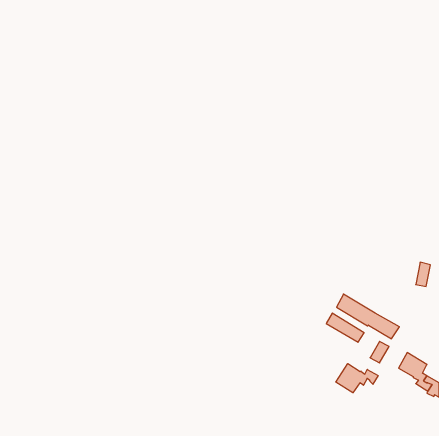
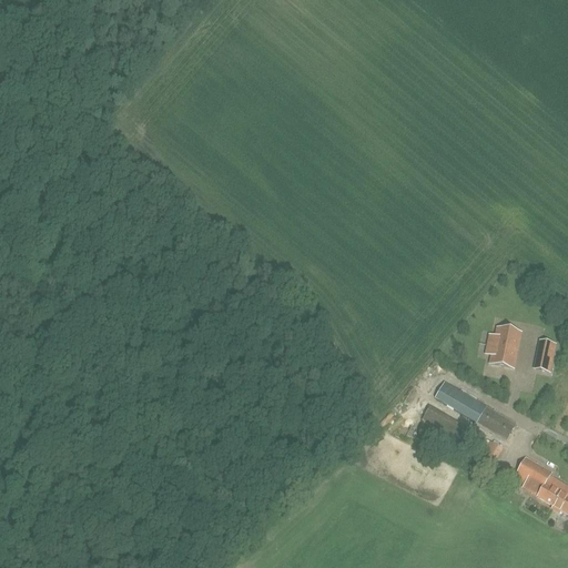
building: none -> [488,326,519,366]
building: [336,364,378,393] -> none

